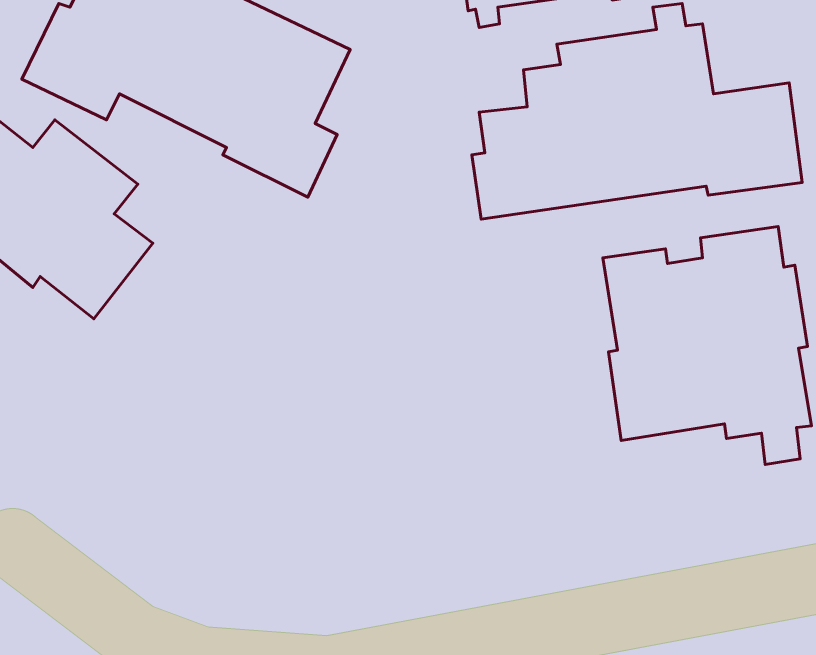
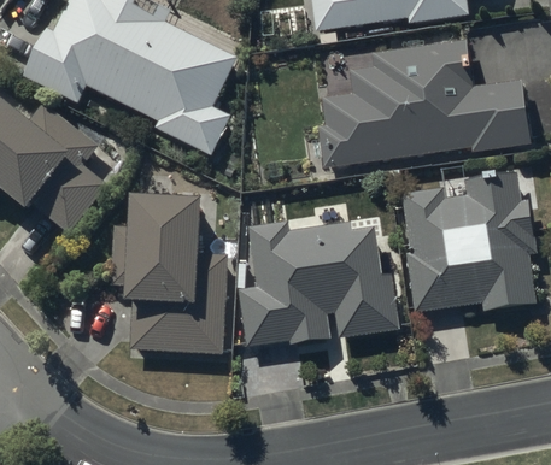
building: none -> [111,196,228,354]
building: none -> [238,220,398,345]

